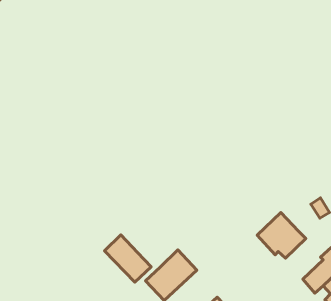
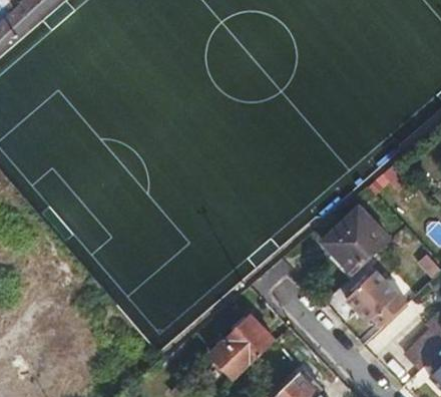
building: none -> [324,208,390,273]
building: [105,235,151,282] -> none

